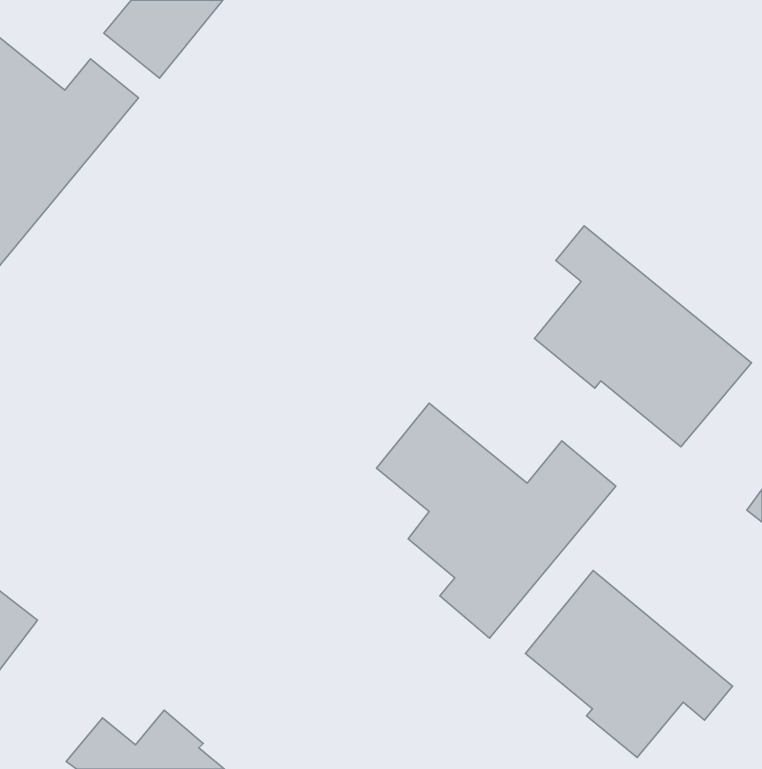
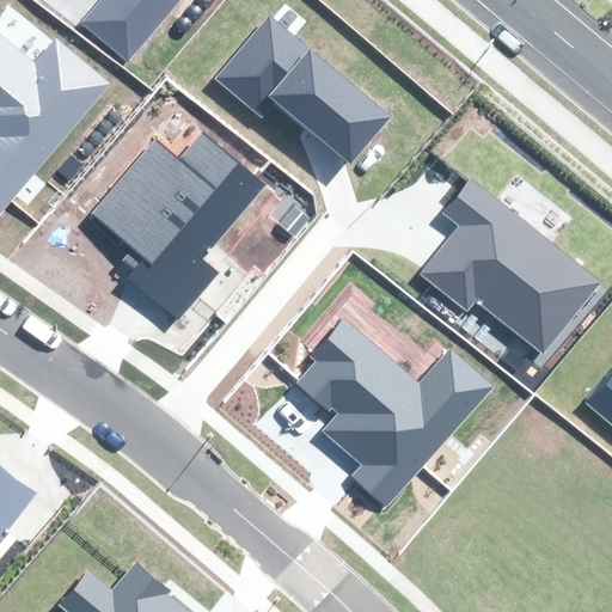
building: none -> [216,16,392,159]
building: none -> [93,131,264,314]
building: [525,570,733,758] -> none

